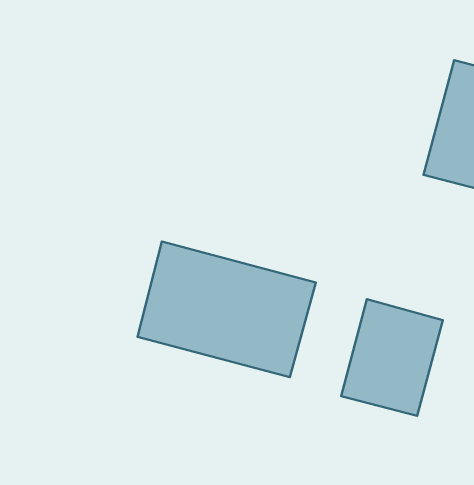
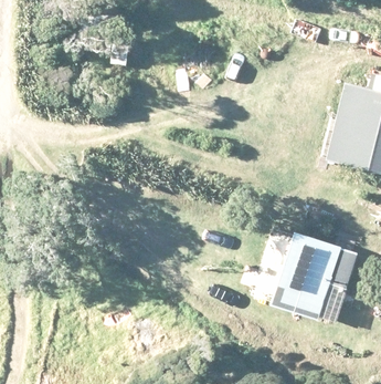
building: [138,241,316,377] -> none

